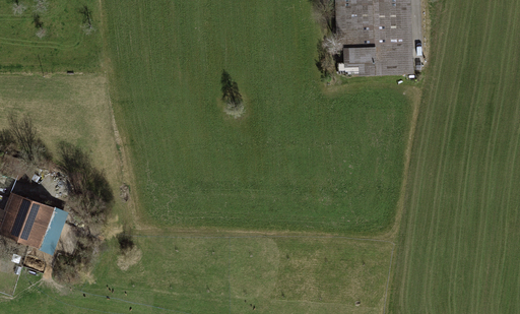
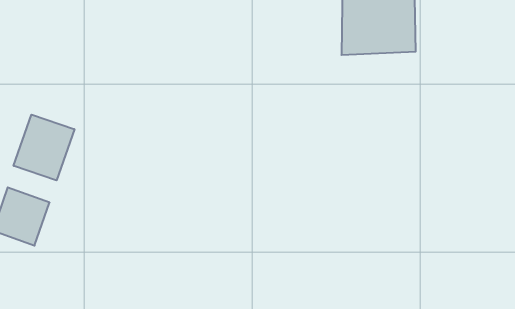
building: none -> [14,115,74,180]

